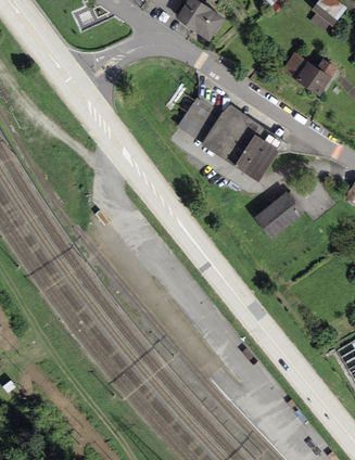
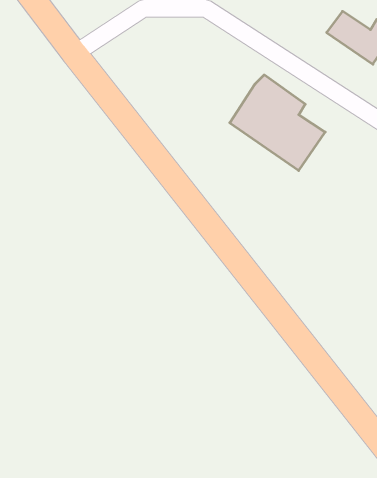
building: [176,95,221,143] -> none
building: [253,192,302,238] -> none

